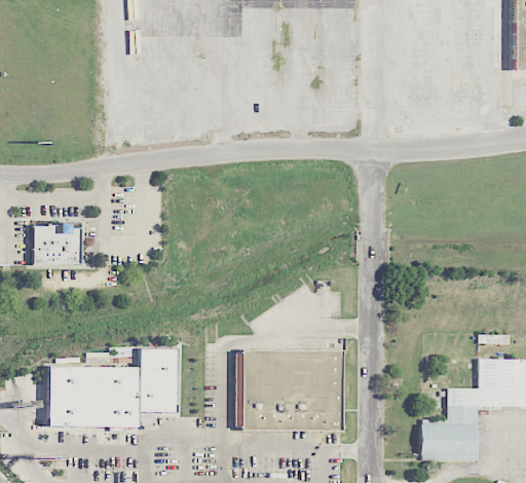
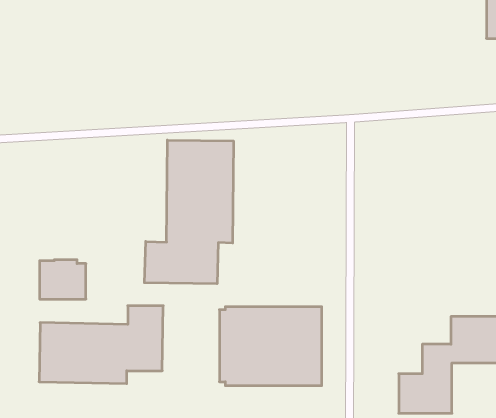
building: none -> [144,140,233,284]
building: [33,223,81,264] -> [40,260,86,299]

